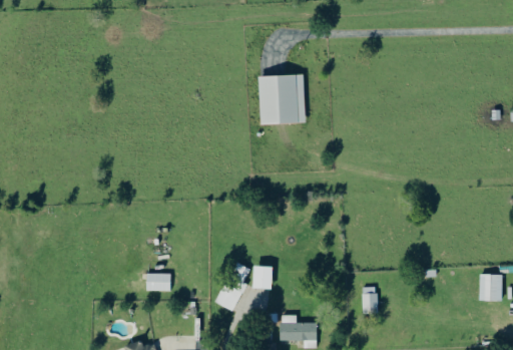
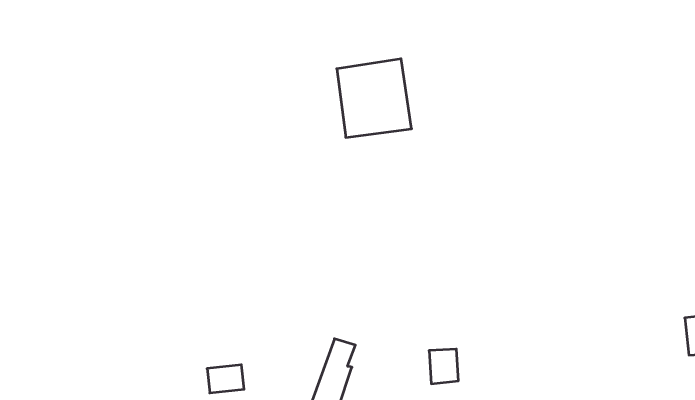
building: [251,266,272,289] -> [429,349,458,384]
building: [361,287,377,312] -> none

